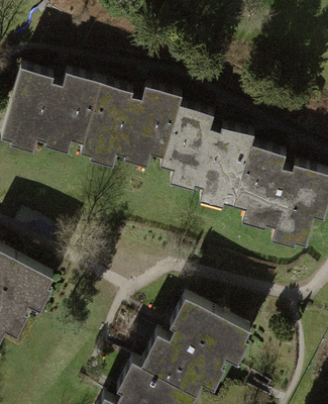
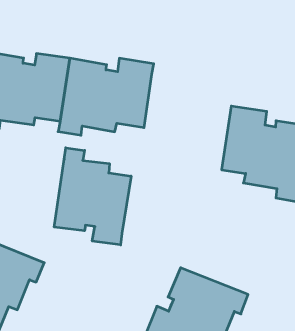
building: [160,106,254,207] -> none
building: none -> [54,148,131,245]

